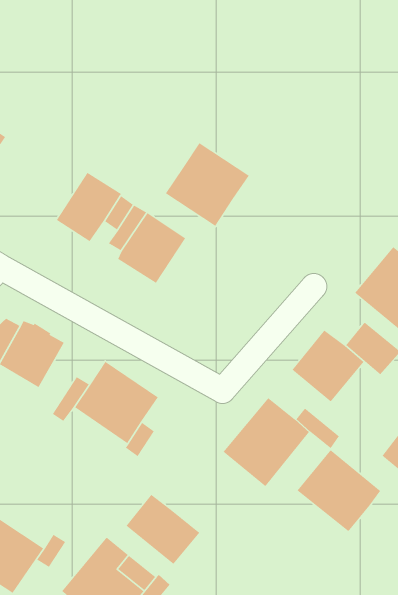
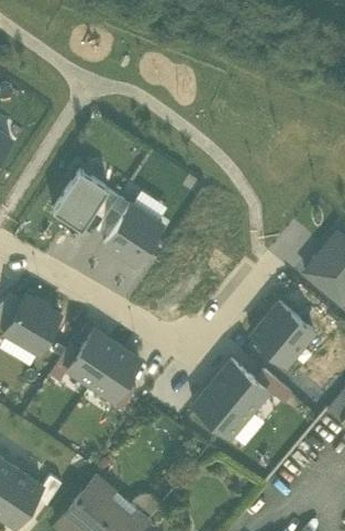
building: [165,142,250,227] -> none
building: [297,449,381,532] -> none
building: [125,494,201,565] -> none

